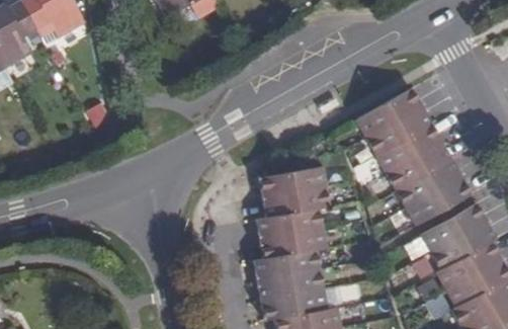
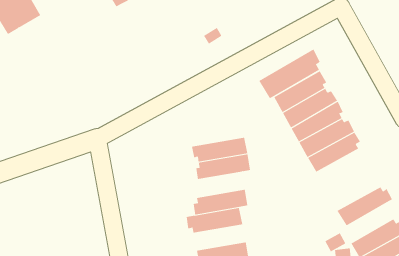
building: none -> [259,49,320,99]
building: [405,179,471,225] -> none
building: [420,203,483,252] -> none
building: [256,207,323,237] -> none
building: [435,241,498,291] -> none
building: [257,268,324,300] -> none

